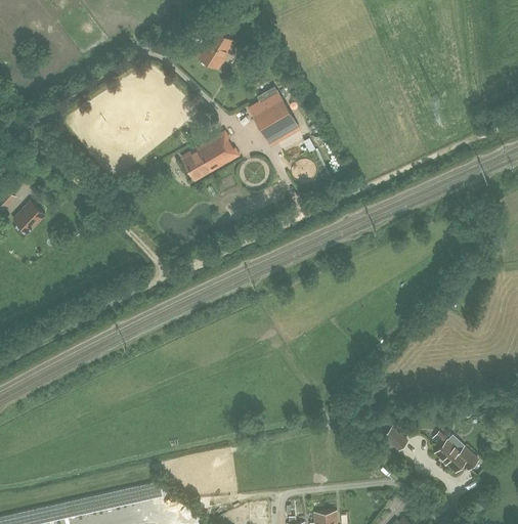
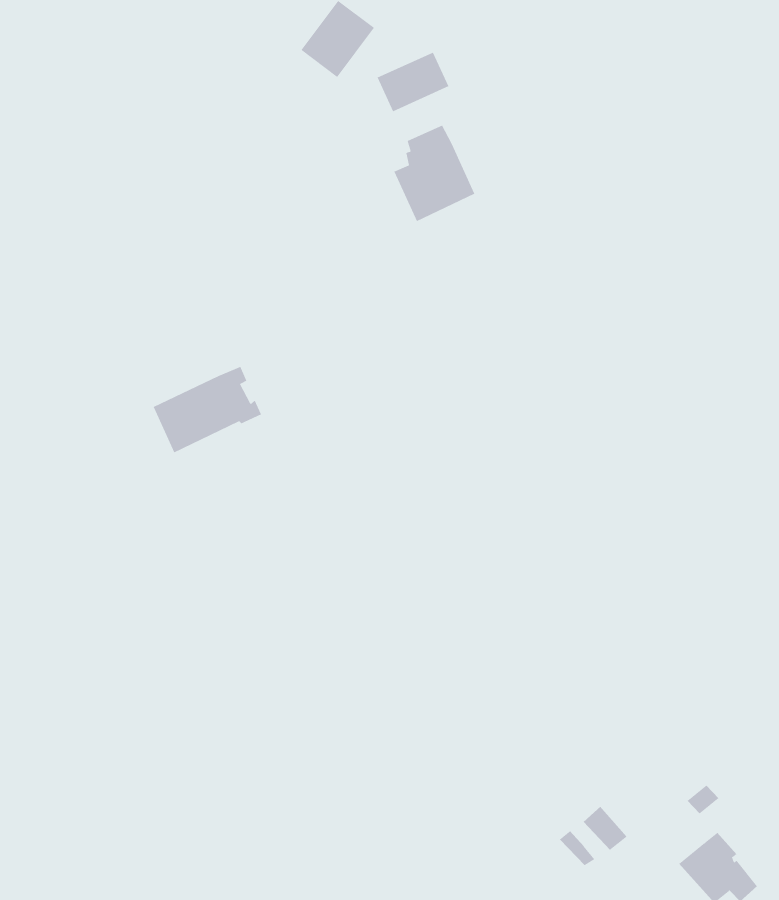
building: none -> [377,52,449,112]
building: [181,132,238,180] -> [153,366,262,453]

